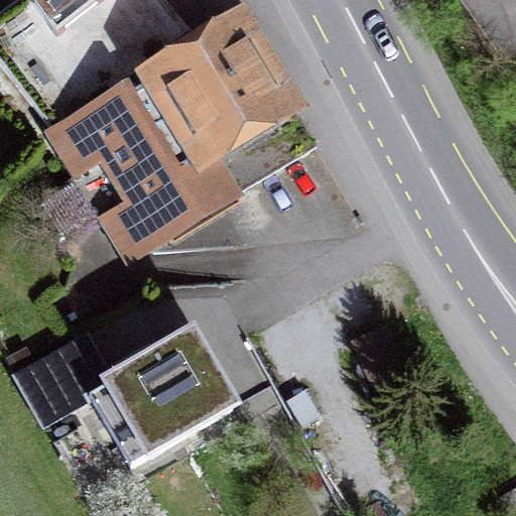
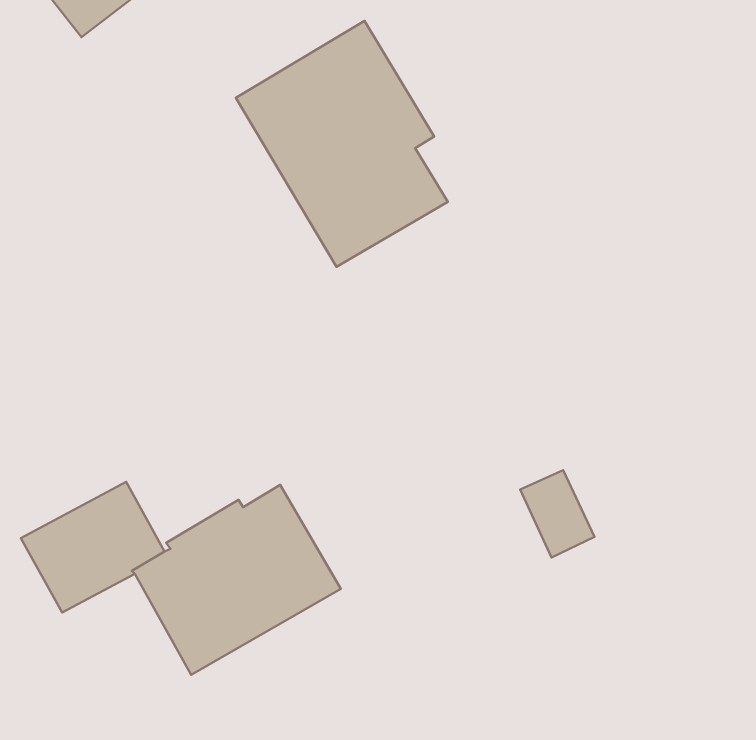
building: [57,67,230,243] -> none

